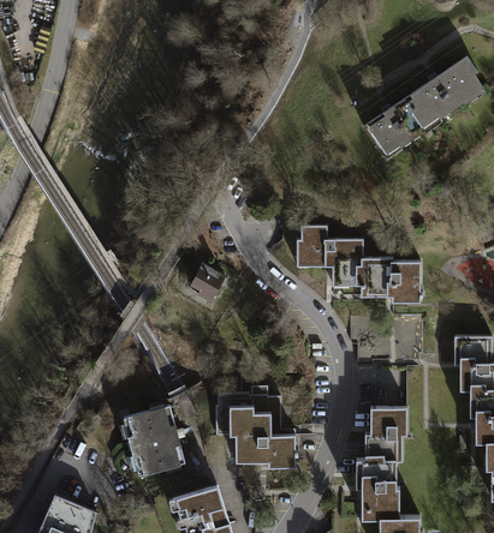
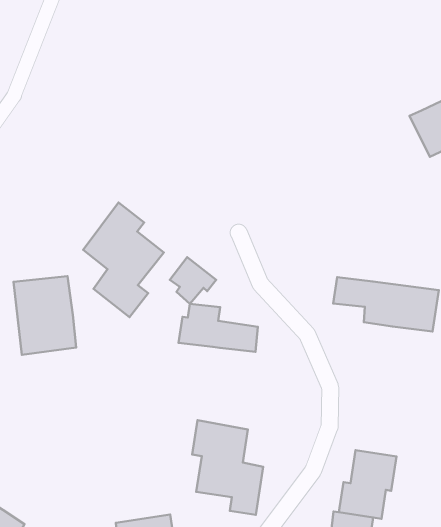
building: none -> [83,203,164,317]
building: [296,228,363,264] -> [178,304,258,352]
building: [124,401,186,474] -> [13,276,76,355]

